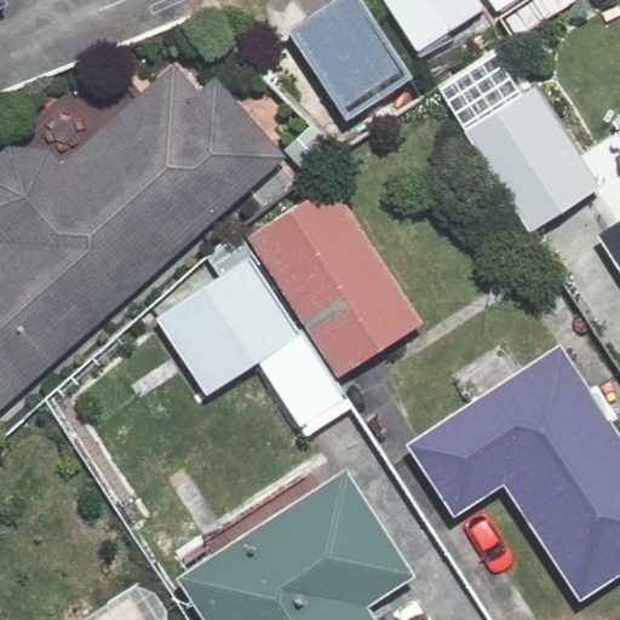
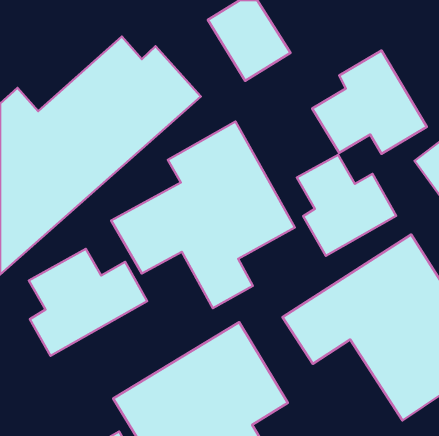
building: none -> [297,155,396,256]
building: none -> [29,249,147,356]

